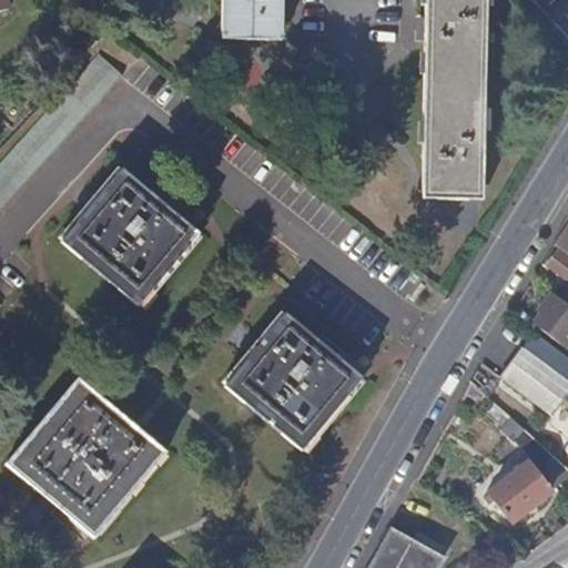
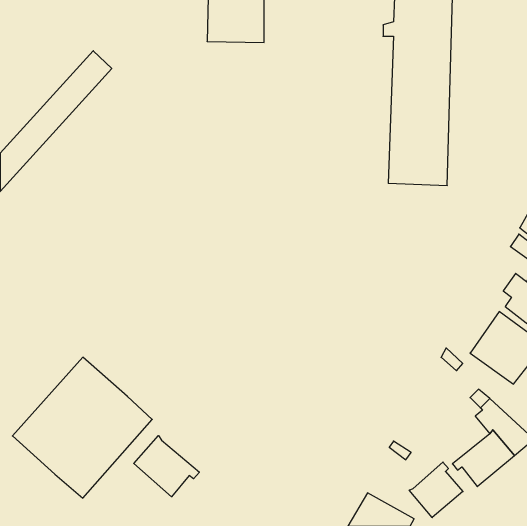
building: [60,170,196,304] -> none
building: [220,311,362,449] -> none
building: none -> [134,436,199,497]
building: none -> [409,462,463,518]

